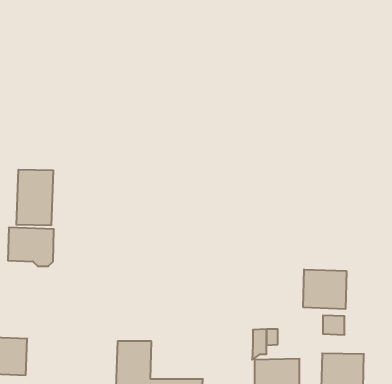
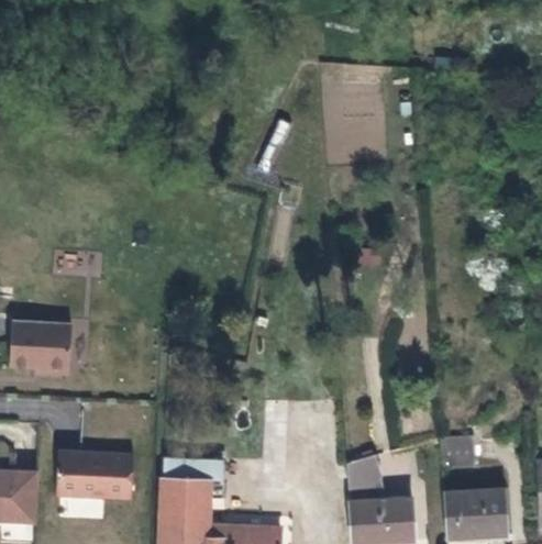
building: [16,170,53,225] -> none
building: [303,269,346,309] -> none
building: none -> [57,449,134,496]

